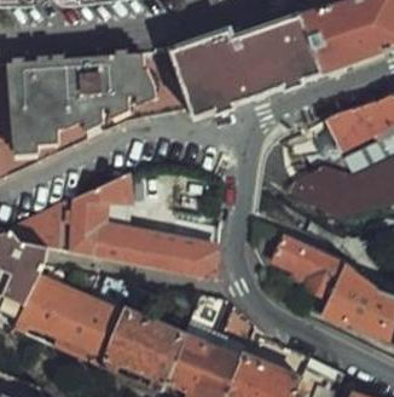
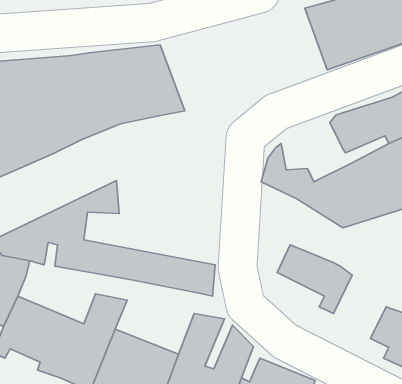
building: [164,16,318,117] -> none
building: [315,261,364,324] -> none

